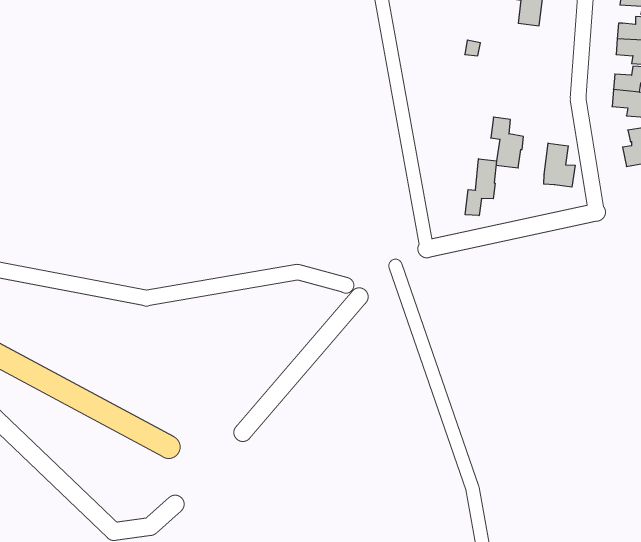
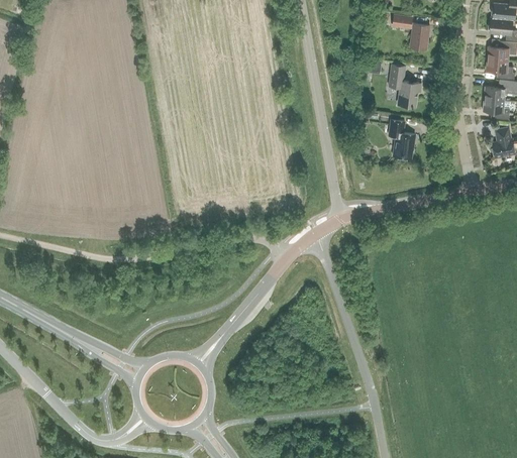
building: none -> [388,64,421,107]
building: [544,143,575,187] -> none
building: [465,159,496,216] -> none

